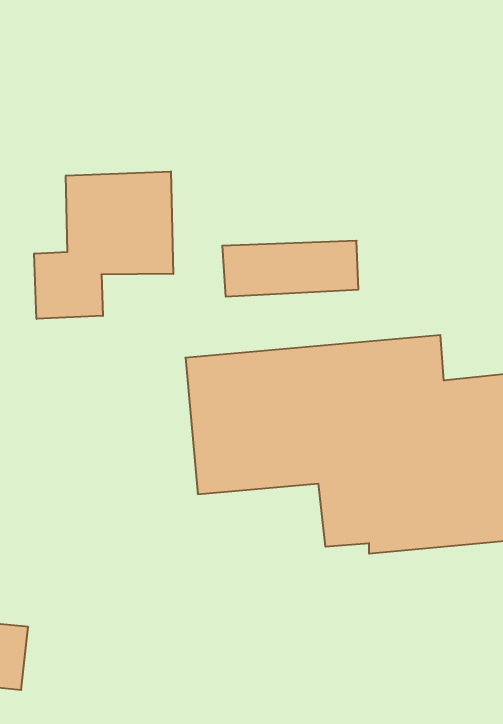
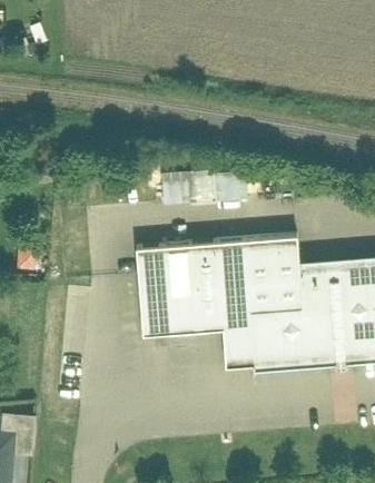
building: [34,171,173,319] -> none

